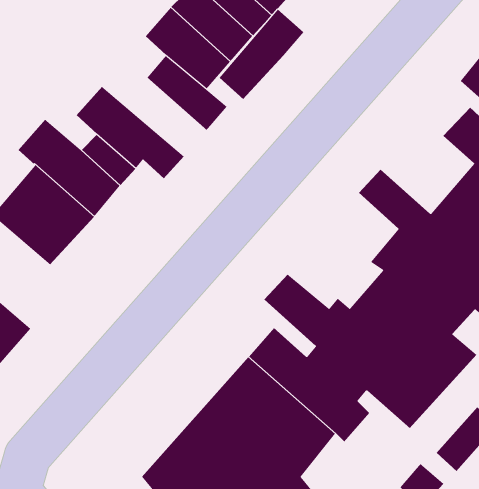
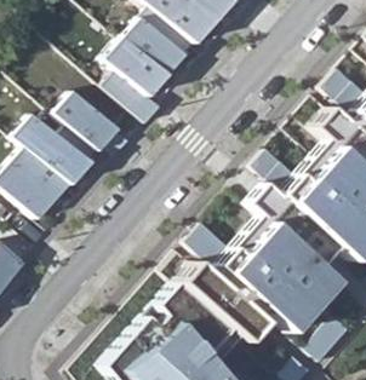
building: [219,9,304,100] -> none

